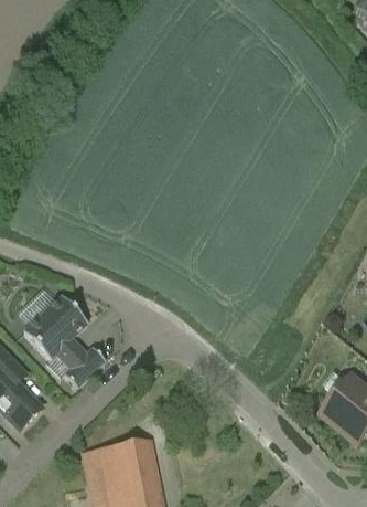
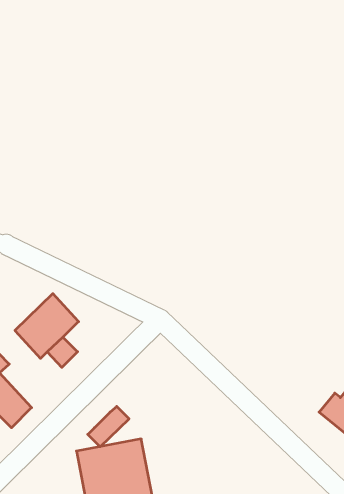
building: [63,347,104,387] -> [88,406,129,447]

